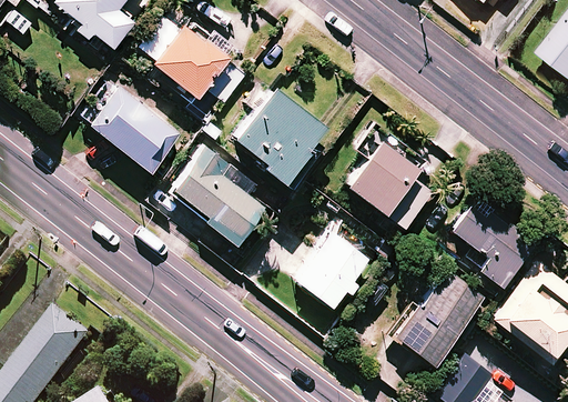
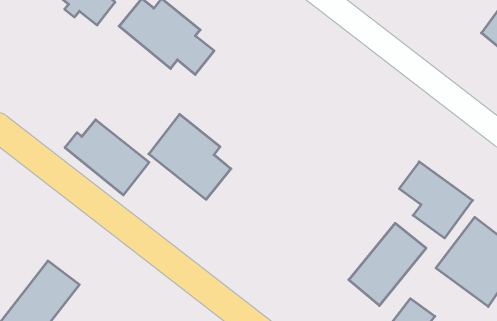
building: [83,87,178,171] -> [65,120,149,195]
building: [233,87,332,188] -> none
building: [345,130,447,228] -> none
building: [294,231,366,304] -> none

